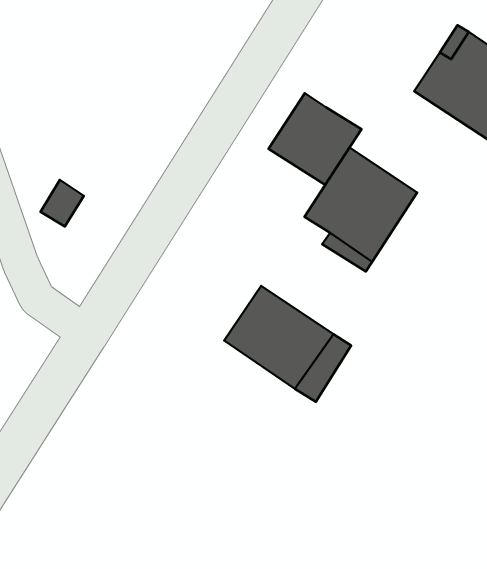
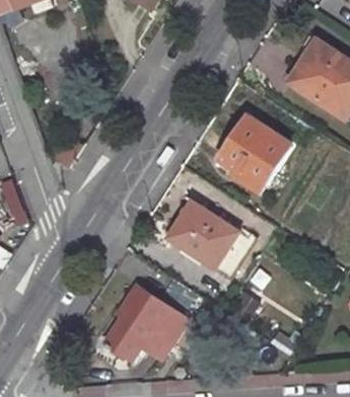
building: [269,93,362,185] -> none
building: none -> [102,277,197,360]

